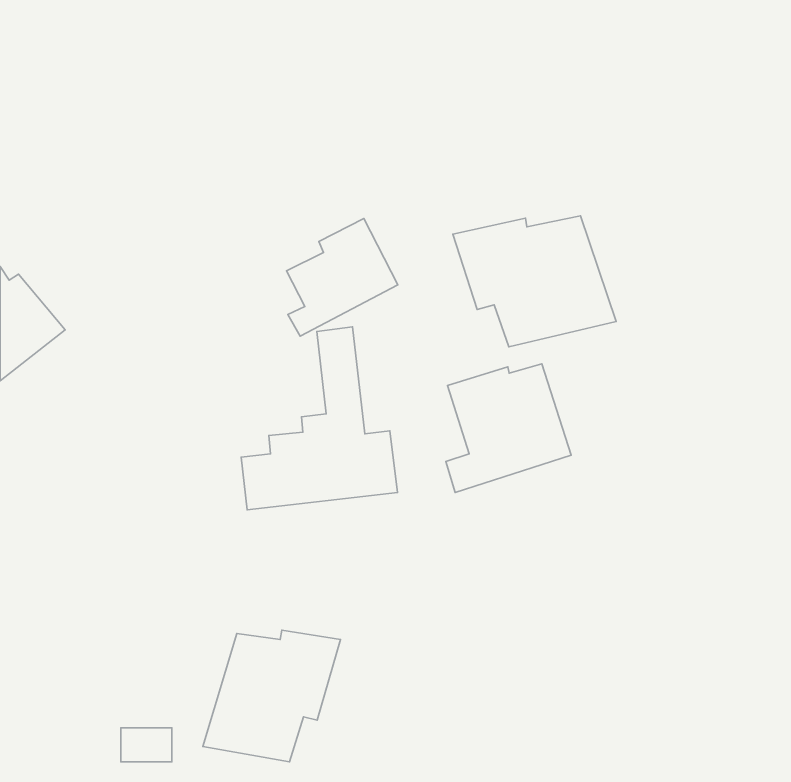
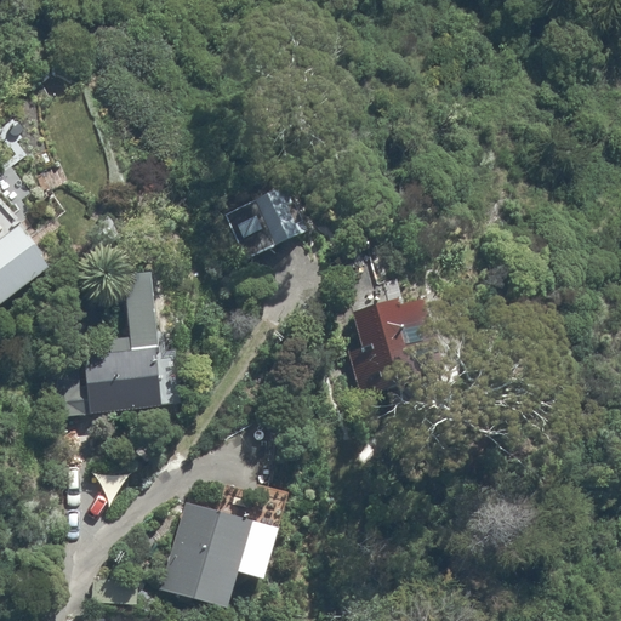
building: [453,216,616,347] -> none
building: [241,327,397,510] -> [59,270,182,414]

